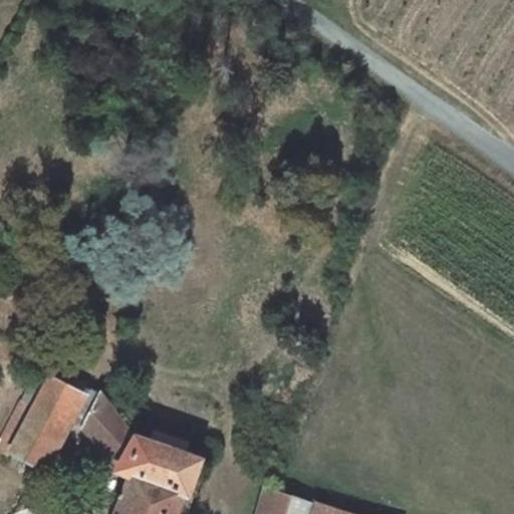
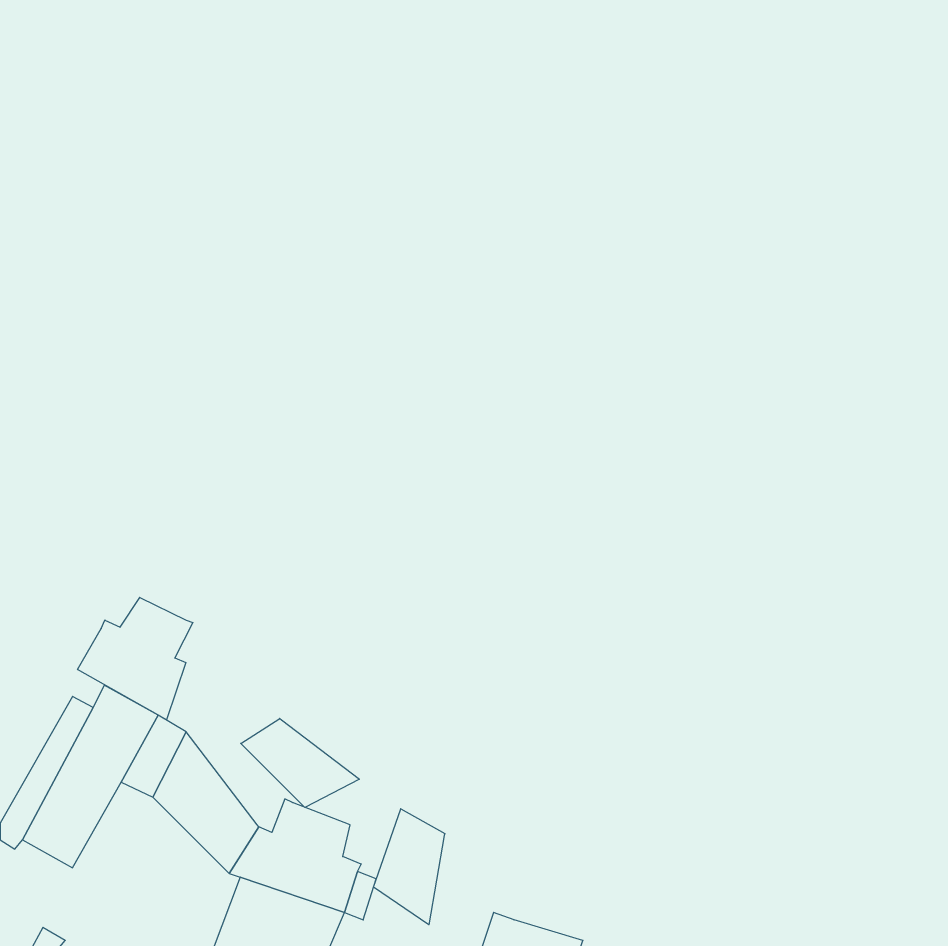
building: none -> [78,597,193,720]
building: none -> [241,718,359,807]
building: none -> [374,809,445,925]

